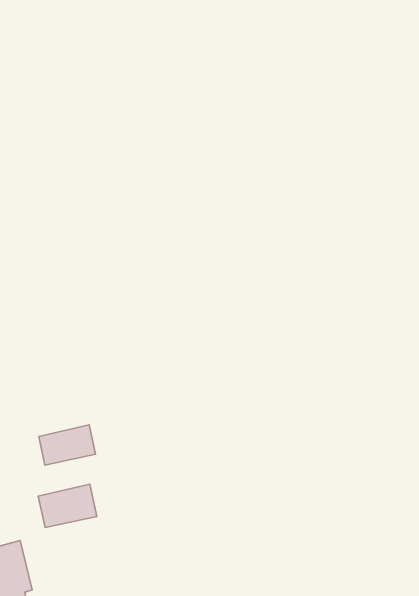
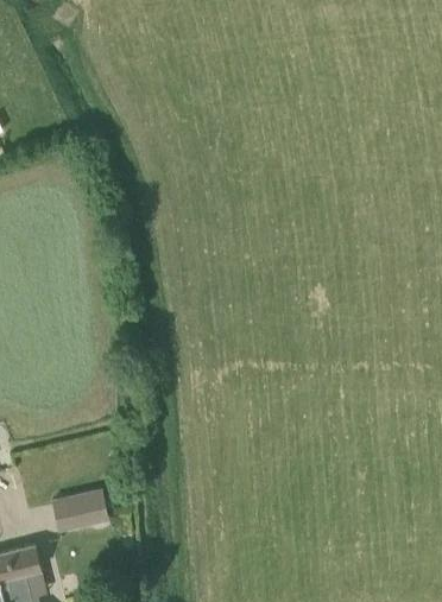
building: [39,425,96,465] -> none

